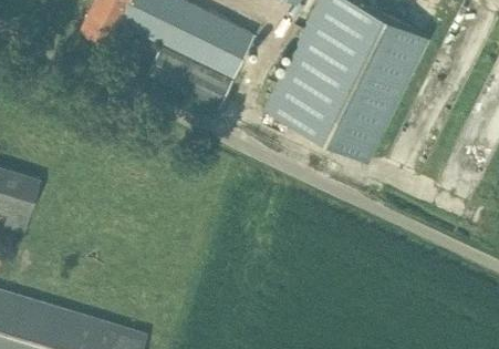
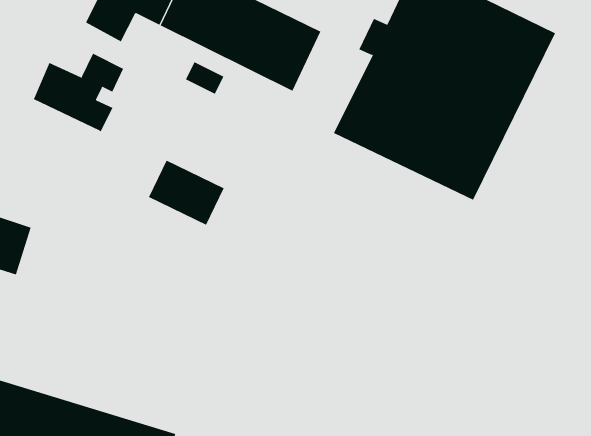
building: none -> [33,53,124,133]
building: [176,60,232,109] -> [148,160,224,226]

